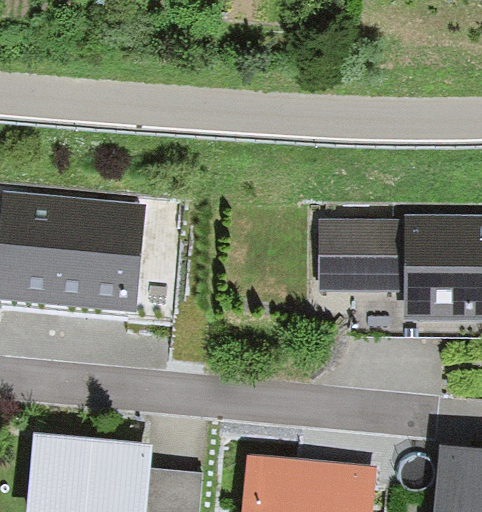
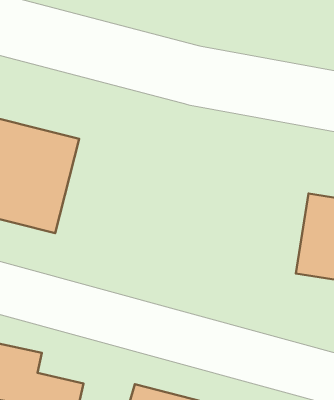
building: [318,222,397,285] -> none

